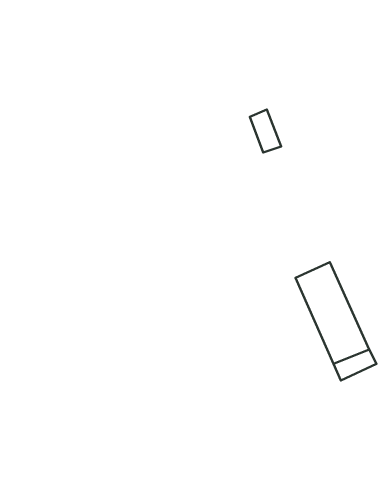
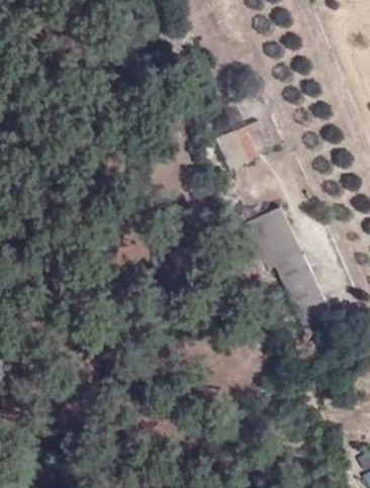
building: none -> [246,203,300,267]

